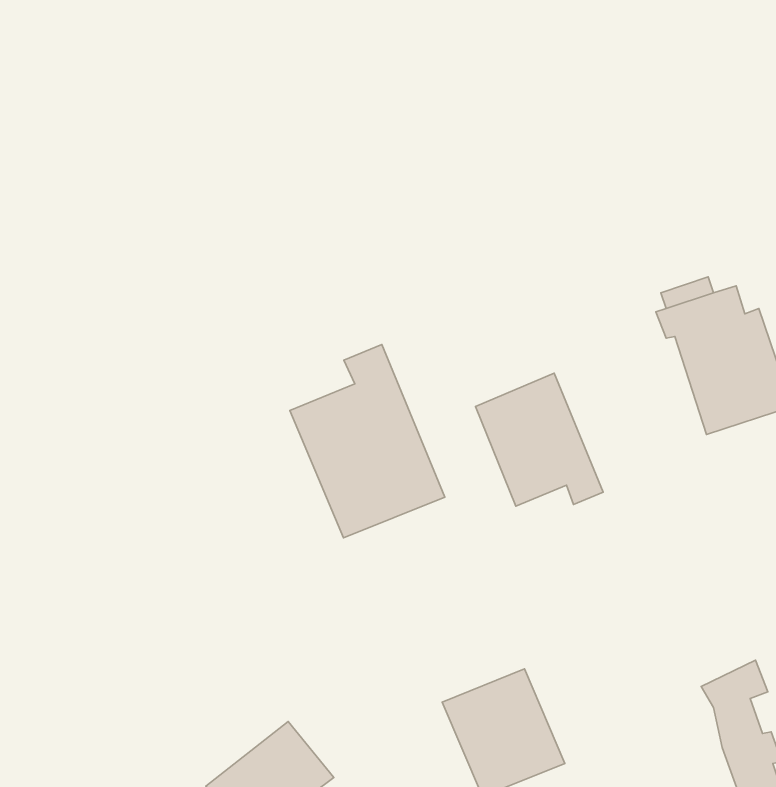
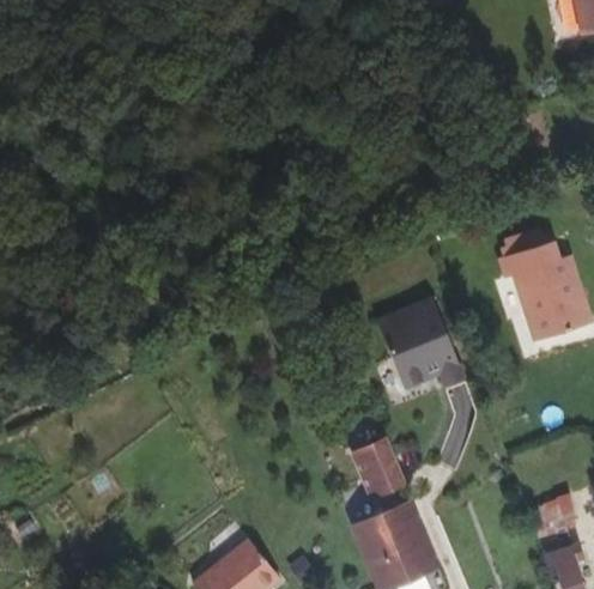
building: [290,344,445,538] -> none
building: none -> [353,438,402,497]

